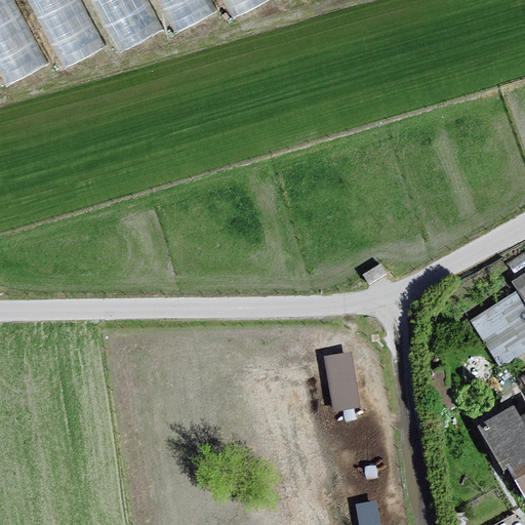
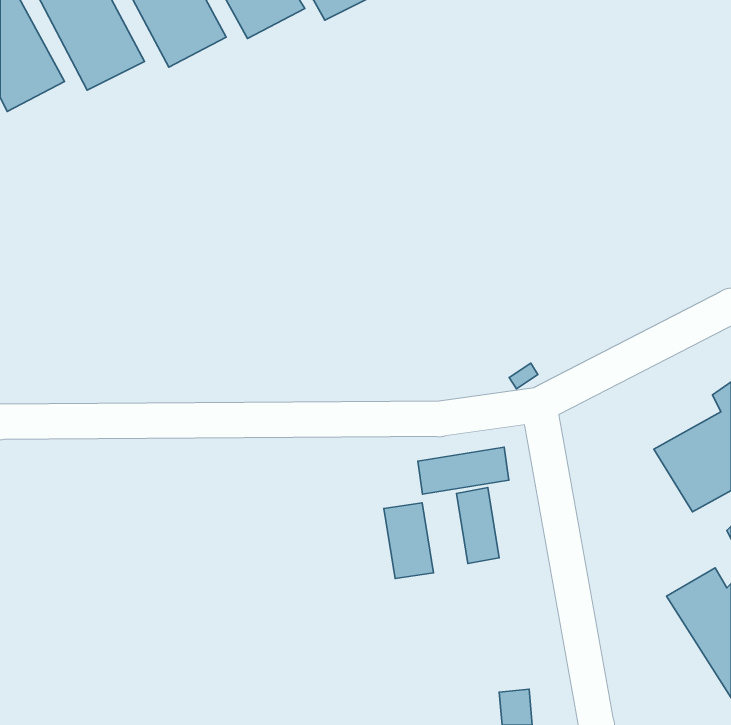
building: none -> [418,447,509,494]
building: none -> [384,503,434,578]

